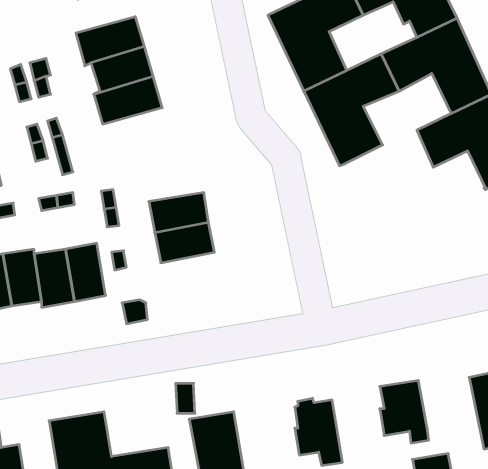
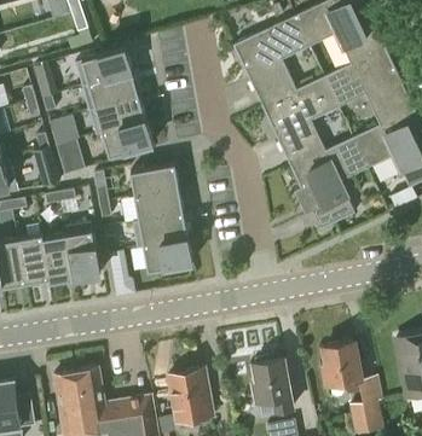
building: none -> [98,121,154,158]
building: none -> [290,139,366,229]
building: none -> [131,164,180,197]
building: none -> [139,238,193,274]

